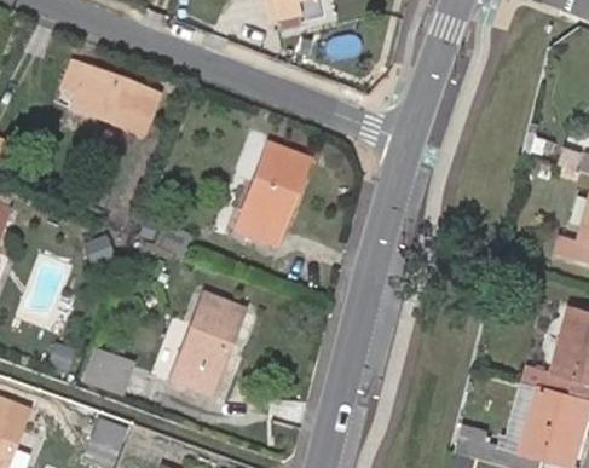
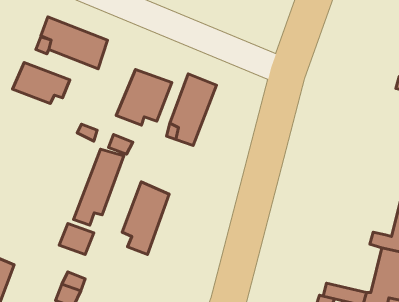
building: none -> [13,62,70,104]
building: none -> [116,70,172,125]
building: none -> [74,149,124,225]

